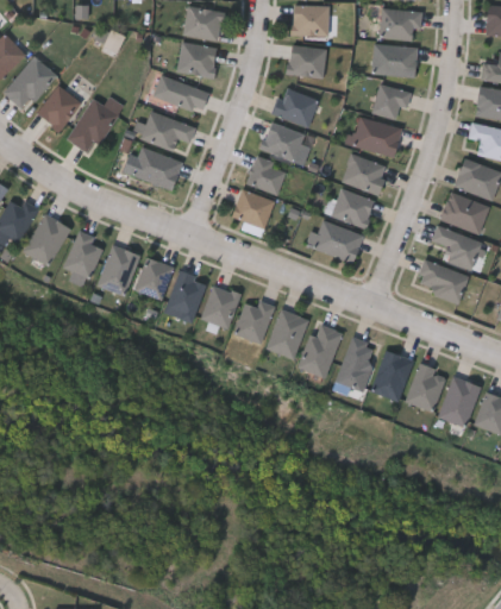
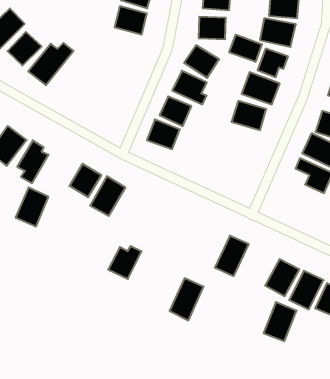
building: none -> [229,35,262,62]
building: [154,76,208,112] -> none
building: [139,111,194,150] -> none
building: [131,147,182,189] -> none
building: [328,188,375,228] -> none
building: [311,219,363,263] -> none
building: [96,244,138,295] -> [16,187,48,226]
building: [417,260,468,303] -> none
building: [199,284,239,328] -> none
building: [232,300,275,344] -> [108,246,142,279]
building: [267,309,308,358] -> none
building: [299,322,342,378] -> [170,278,204,320]
building: [371,350,413,401] -> [264,302,297,341]

